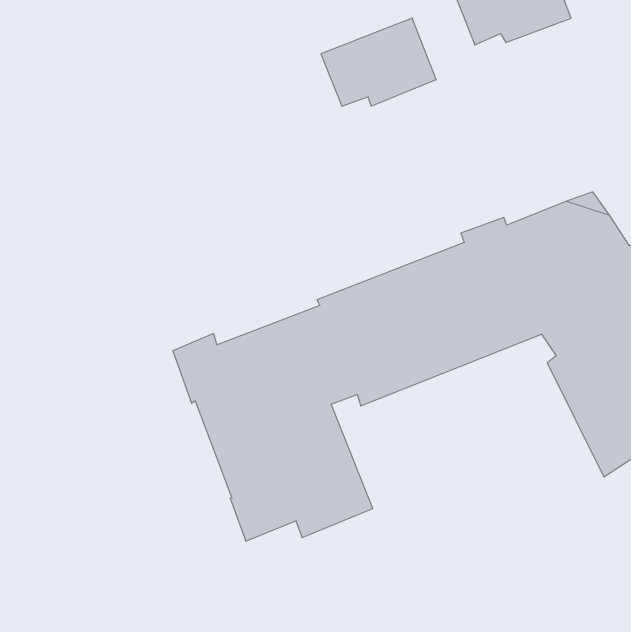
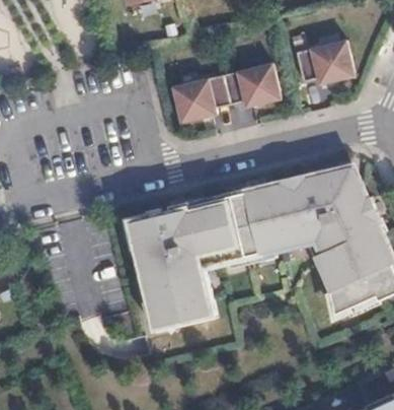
building: none -> [168,76,226,122]

